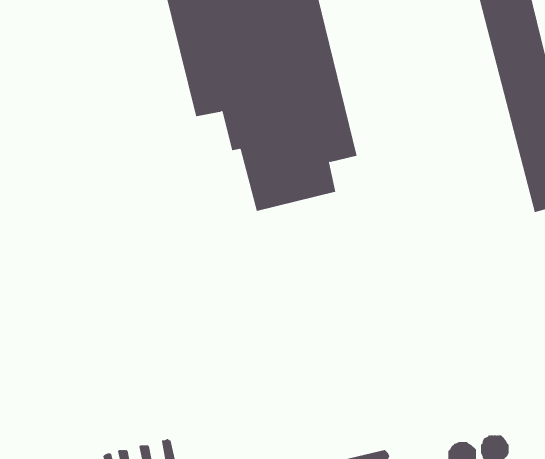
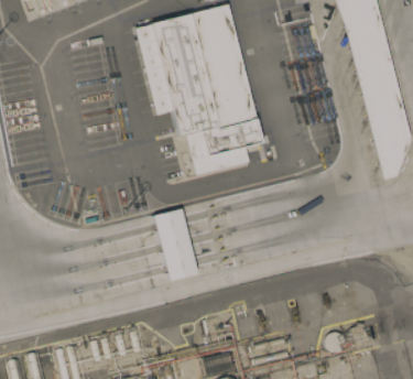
building: none -> [154,209,196,282]

